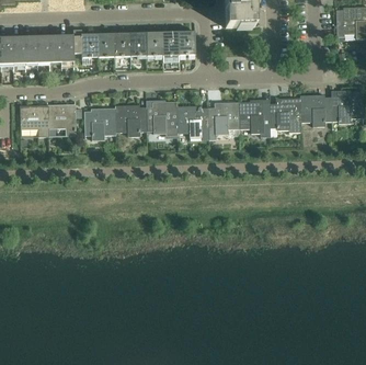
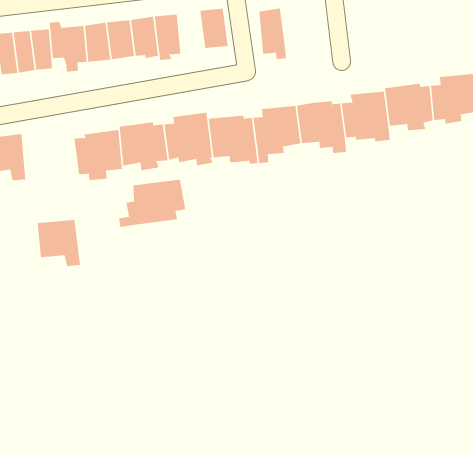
building: [162,30,179,65] -> [259,8,287,59]
building: [48,103,76,135] -> [37,219,81,267]
building: none -> [118,179,186,228]

